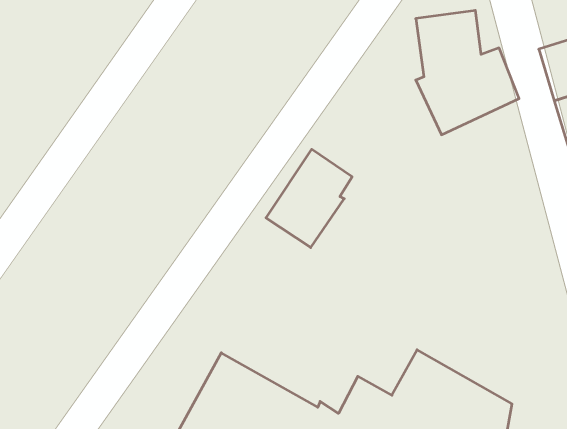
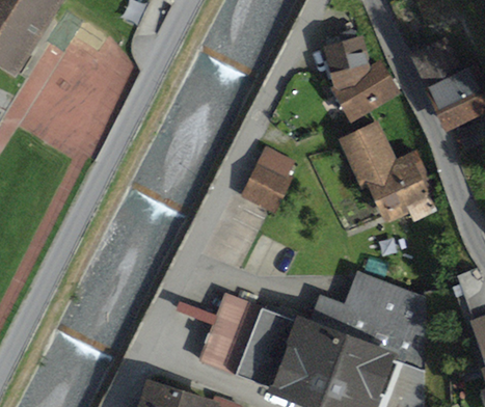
building: none -> [339,120,433,222]

